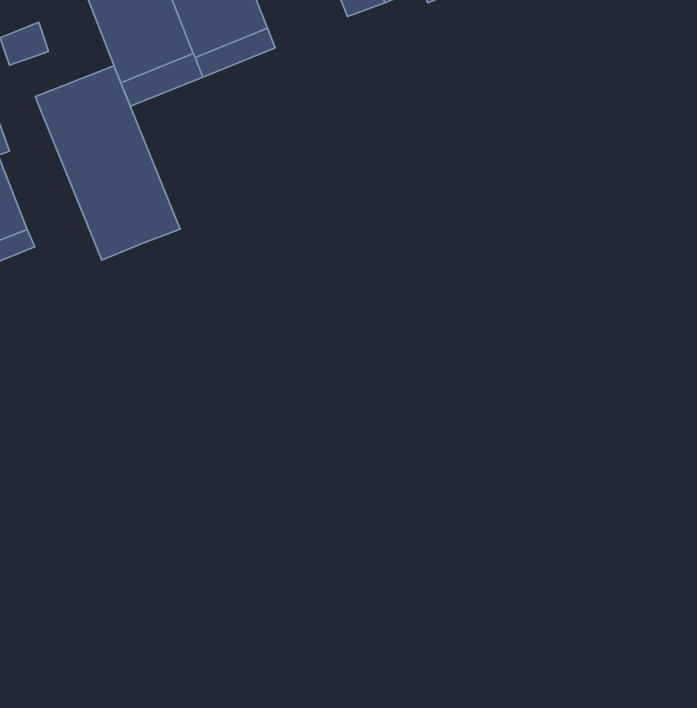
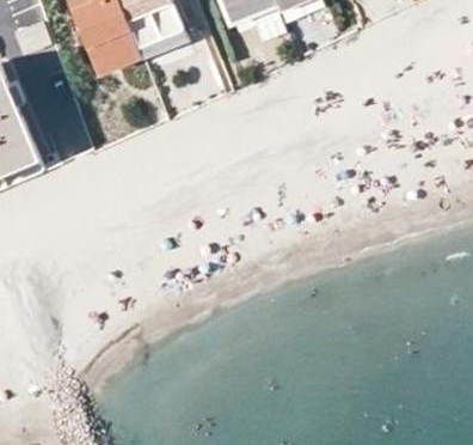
building: [36,66,180,260] -> none

